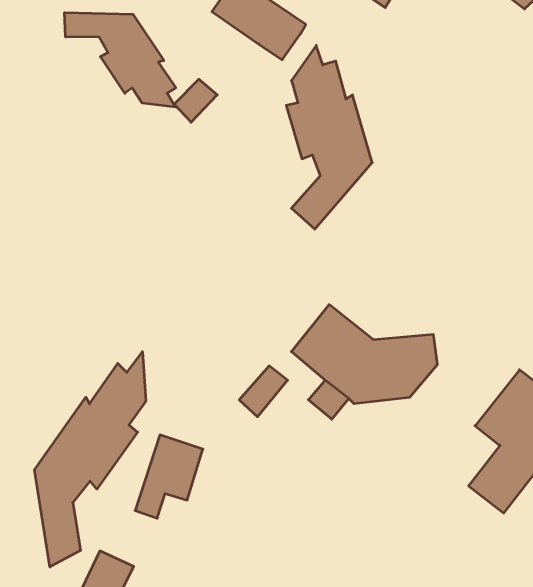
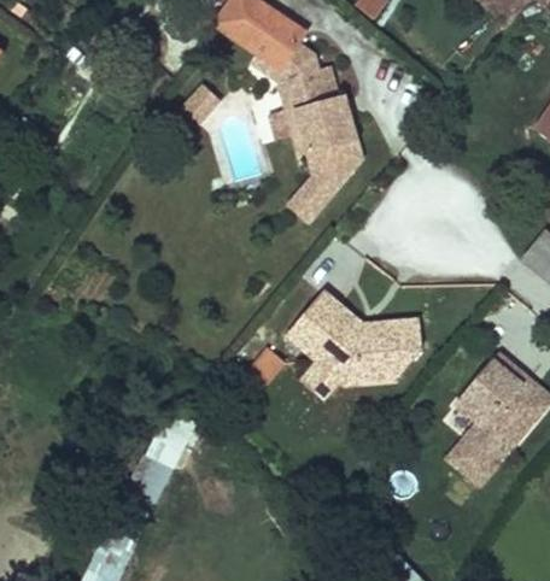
building: [65,13,176,107] -> none
building: none -> [250,40,310,106]
building: [35,352,146,567] -> none

